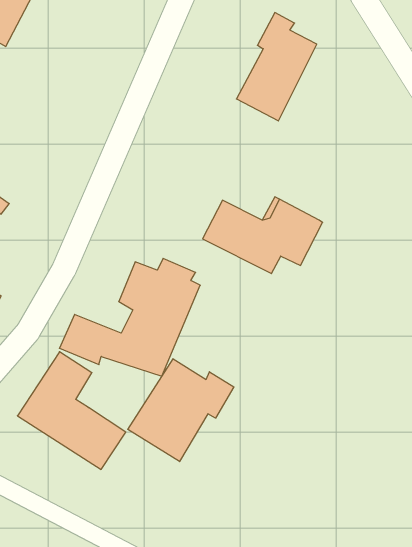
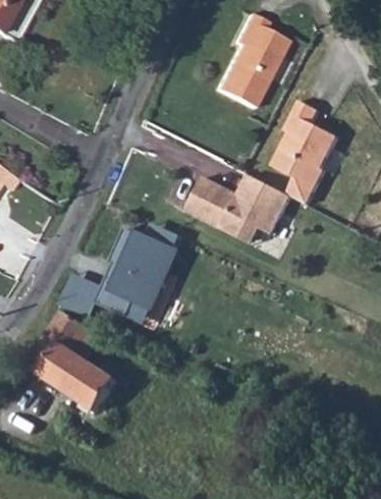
building: none -> [271,99,337,204]
building: [128,359,234,462] -> none

